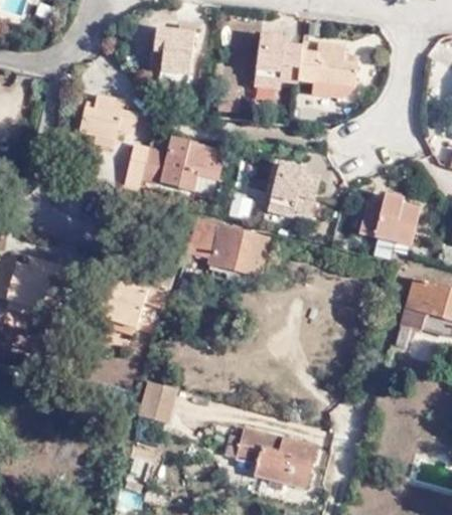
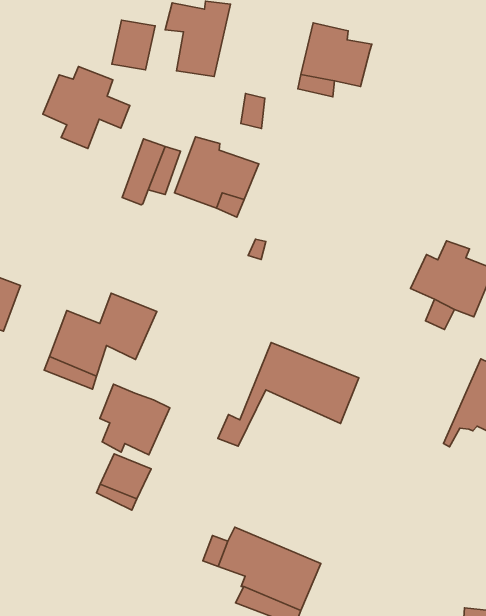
building: [302,44,362,93] -> none
building: none -> [112,20,155,70]
building: [274,158,321,209] -> none
building: [166,217,268,299] -> [218,343,359,446]
building: none -> [100,384,170,455]

